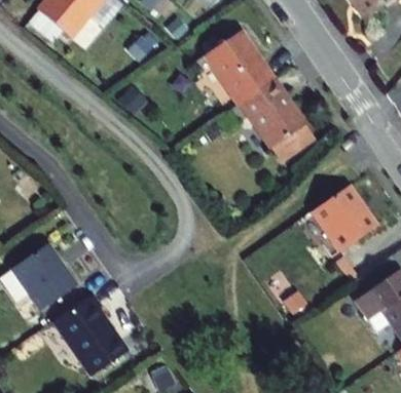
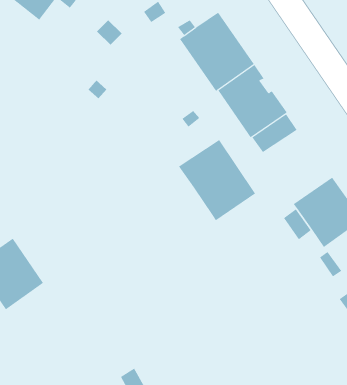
building: none -> [178,139,256,221]
building: [52,293,129,377] -> none

